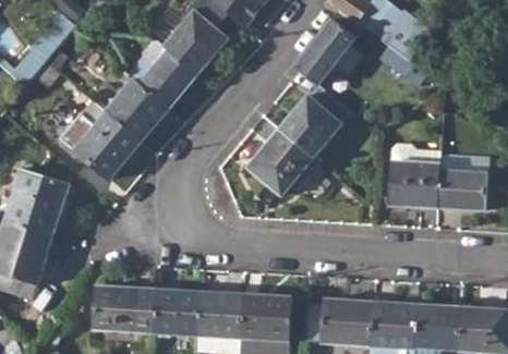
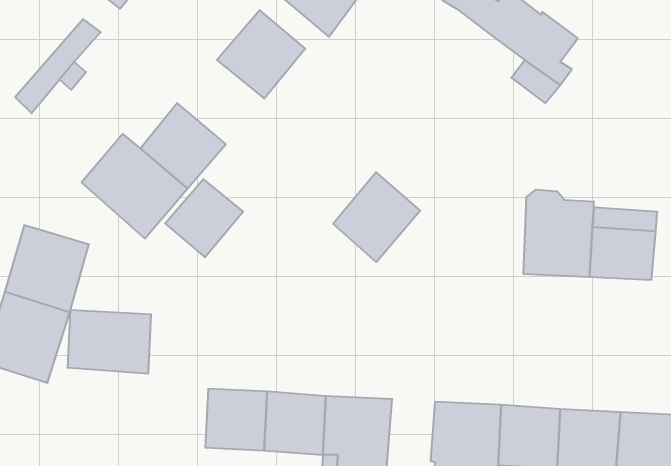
building: [294,8,363,85] -> none
building: [138,50,196,108] -> [165,179,243,257]
building: [279,95,340,157] -> none
building: [93,285,155,332] -> [67,310,151,373]

